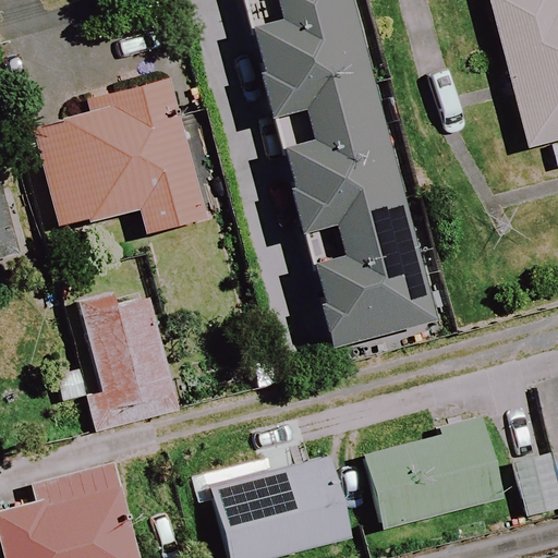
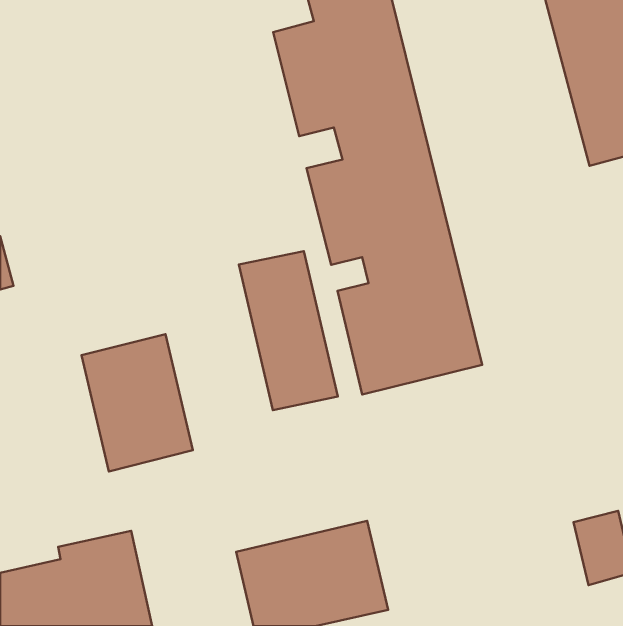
building: [35,77,209,238] -> none
building: none -> [239,251,338,410]
building: [365,423,505,534] -> none

